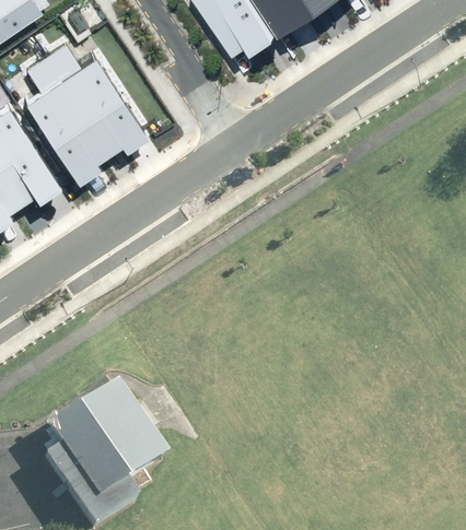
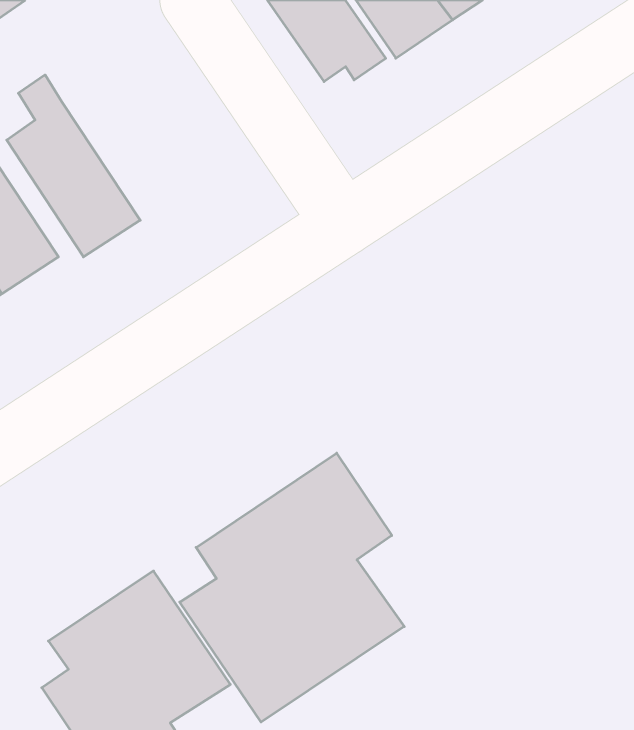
building: [46,38,145,148] -> none
building: none -> [180,453,404,722]

